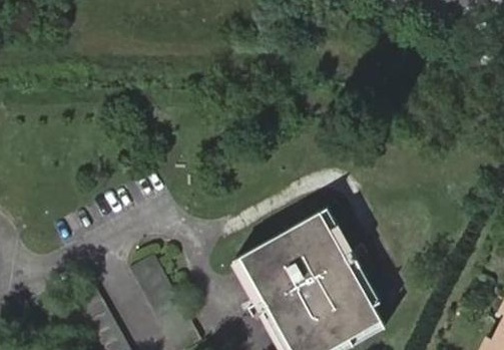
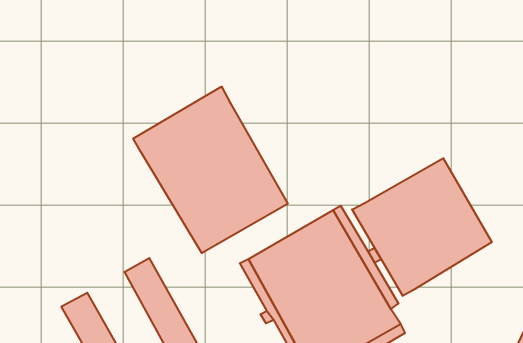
building: none -> [133,87,288,253]
building: none -> [352,158,492,296]

